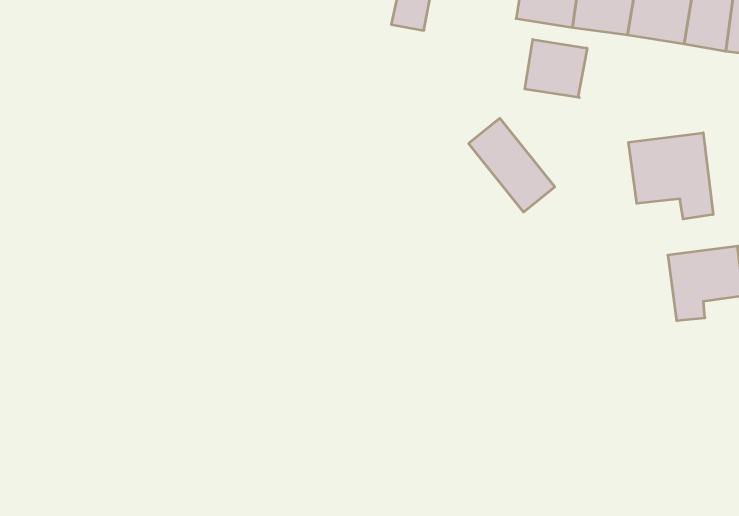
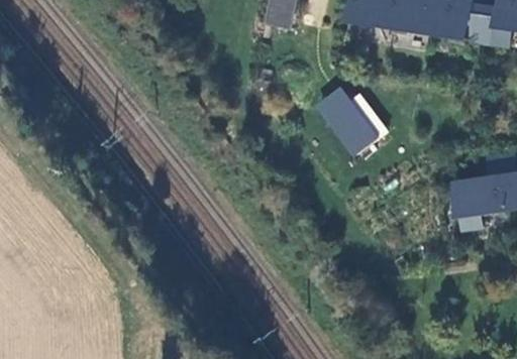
building: [525,39,587,98] -> none
building: [629,133,713,219] -> none

